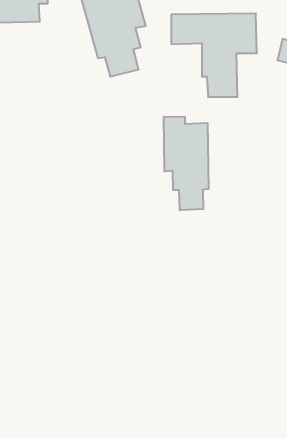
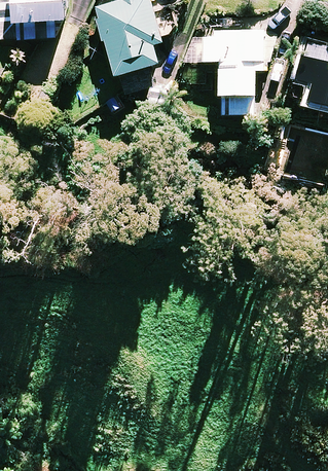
building: [164,117,208,210] -> none

